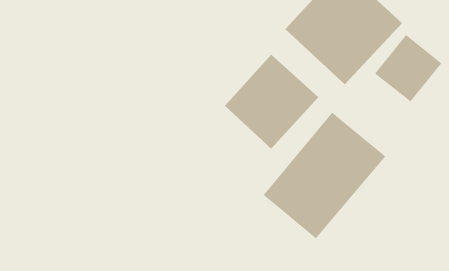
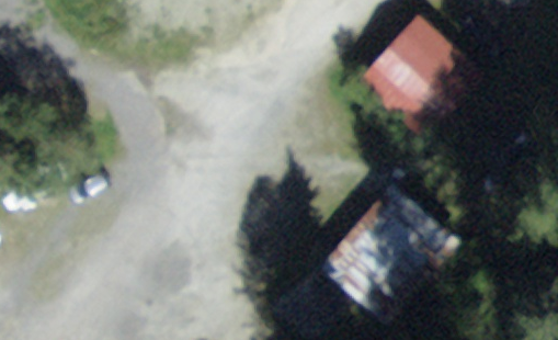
building: [224,54,319,149] -> none

